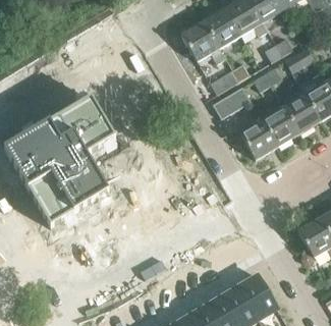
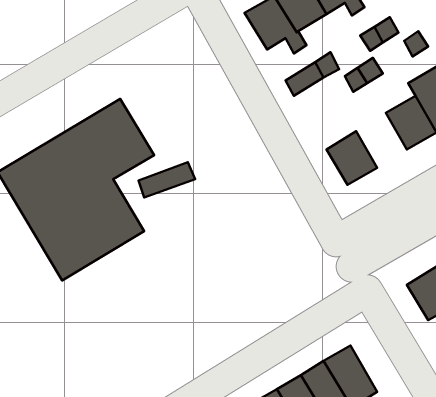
building: [213,86,251,118] -> none
building: [262,106,298,146] -> none

